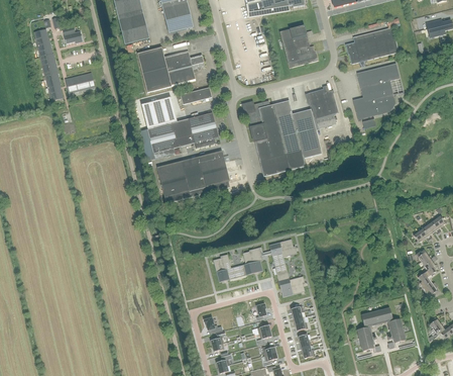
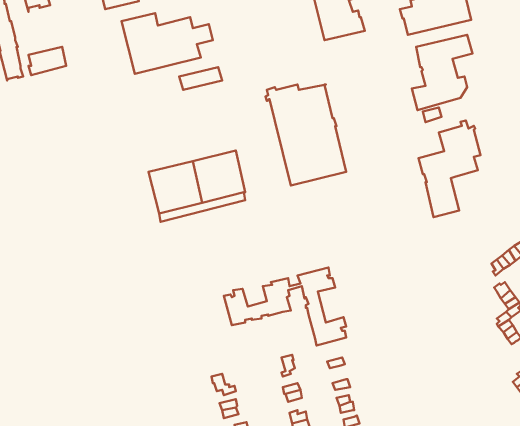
building: [292,85,338,158] -> [419,120,481,217]
building: [140,97,218,160] -> none
building: [357,307,406,352] -> none

